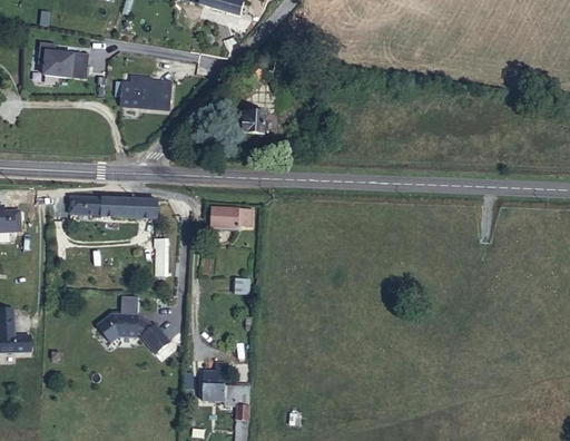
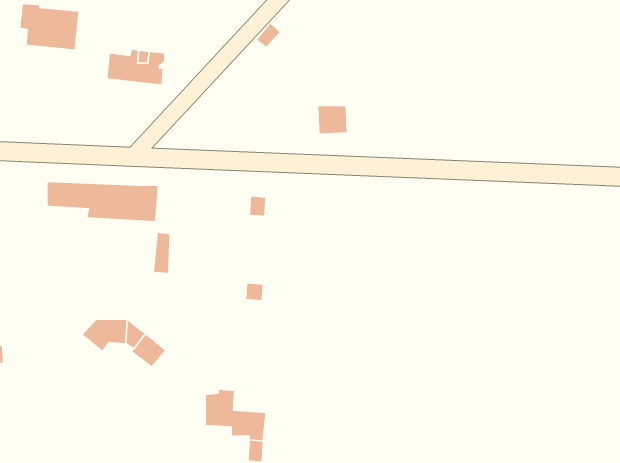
building: [239,108,265,133] -> [318,105,348,134]
building: [213,203,237,226] -> none

